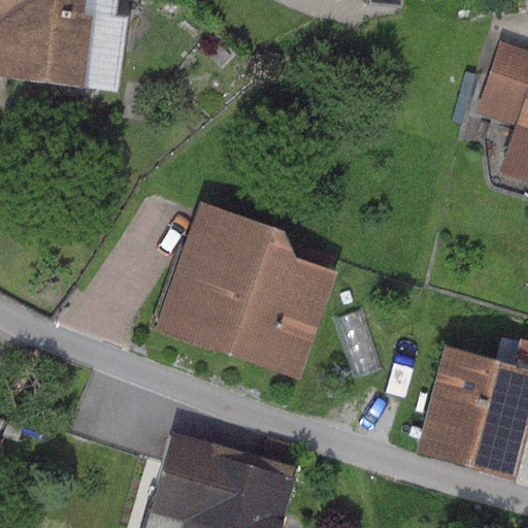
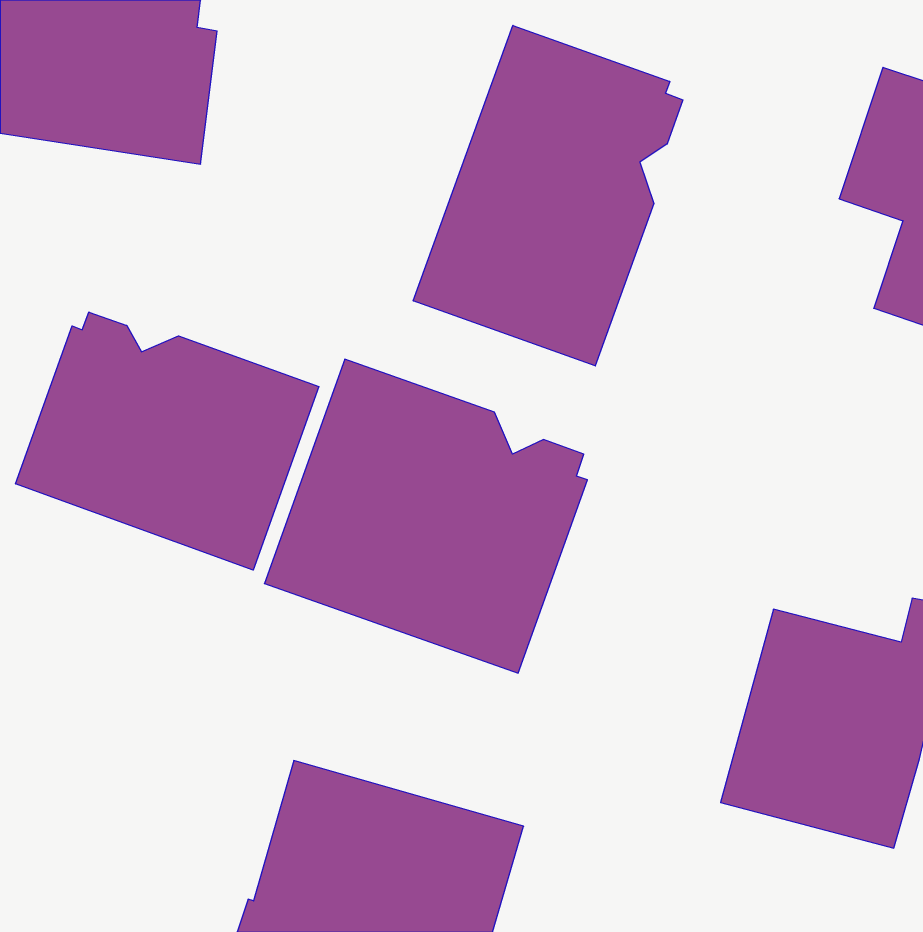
building: none -> [413,25,683,366]
building: none -> [16,312,319,570]

